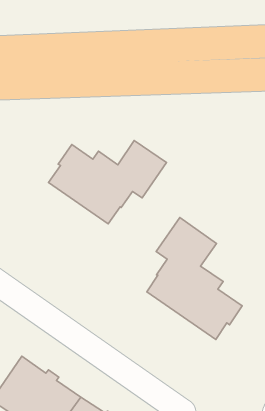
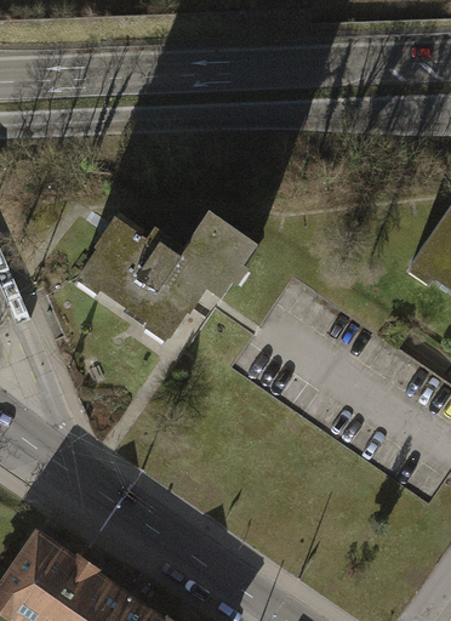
building: [147,218,242,339] -> none

